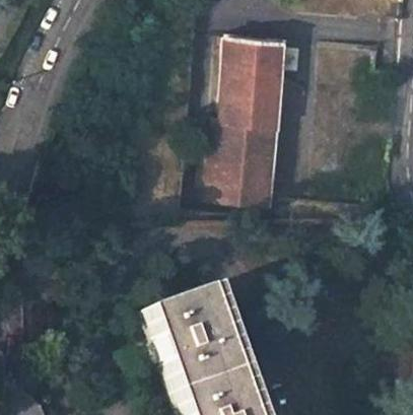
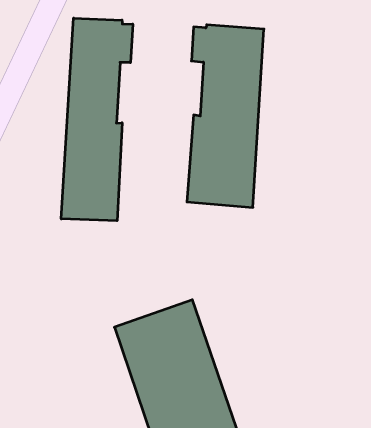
building: none -> [61,18,133,221]

